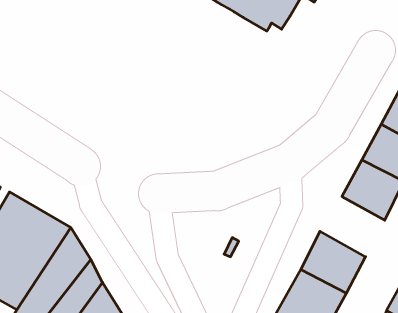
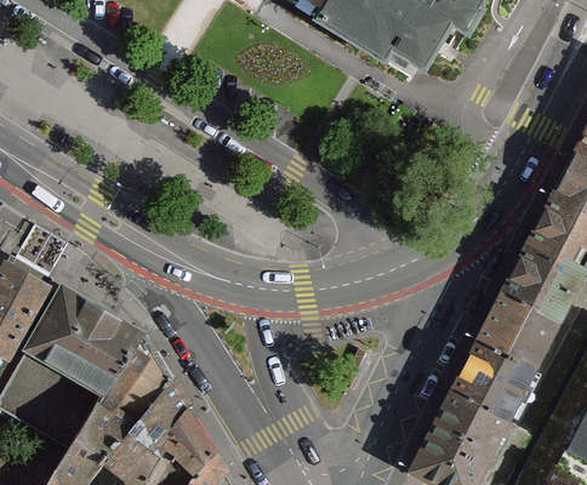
building: none -> [474,293,560,373]

